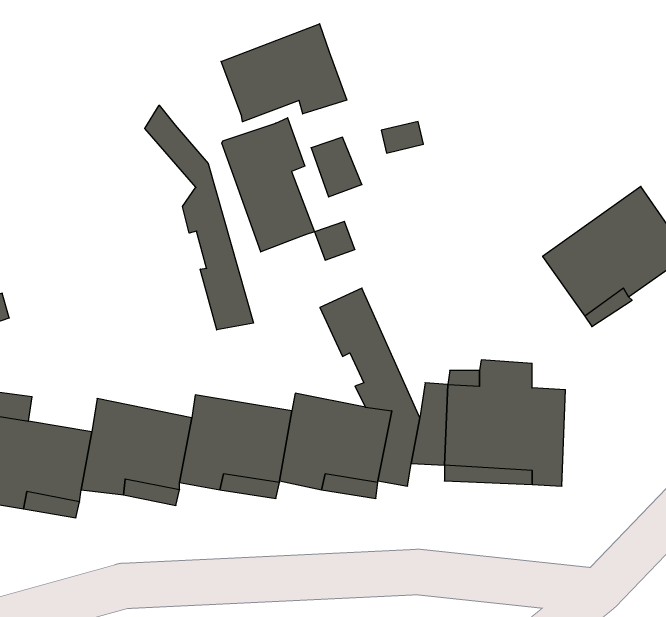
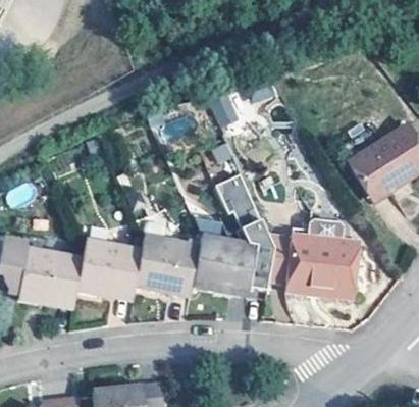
building: [221,24,347,122] -> none
building: [145,105,253,330] -> none
building: [222,118,315,252] -> none

